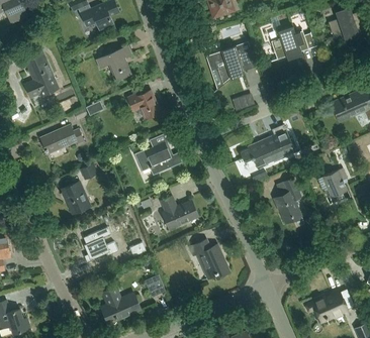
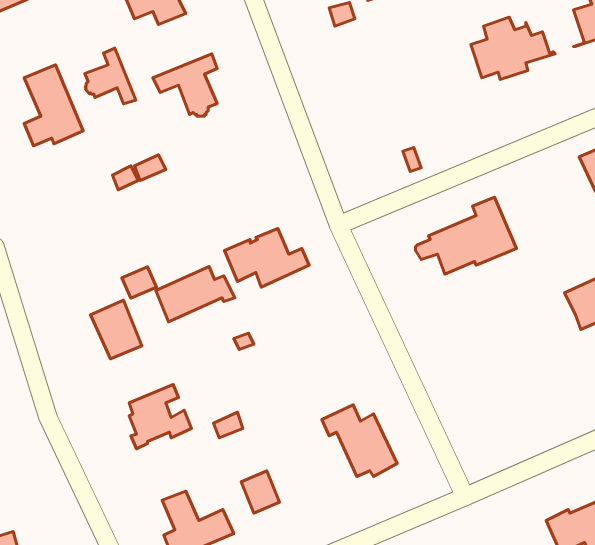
building: [207,42,257,93] -> none
building: none -> [85,48,136,104]
building: [128,91,160,119] -> none
building: [39,125,83,155] -> [156,267,235,322]
building: [274,180,301,224] -> none
building: [161,196,197,229] -> none

